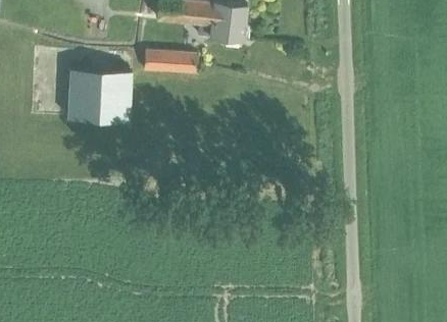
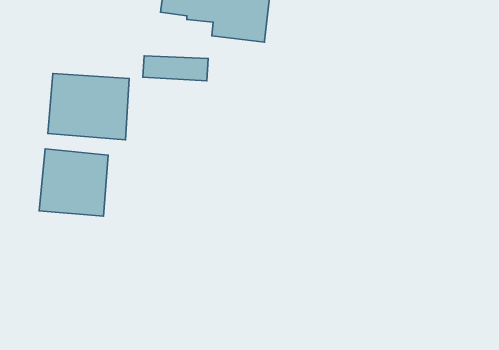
building: none -> [39,149,108,216]

